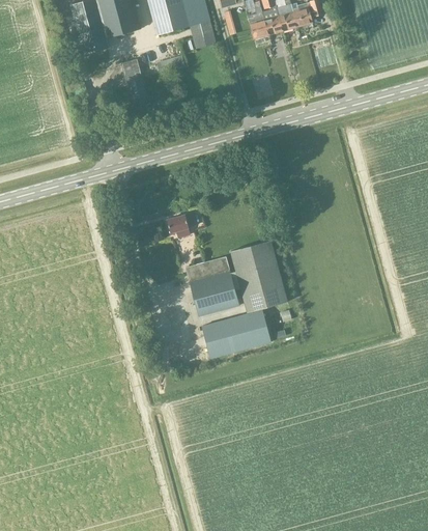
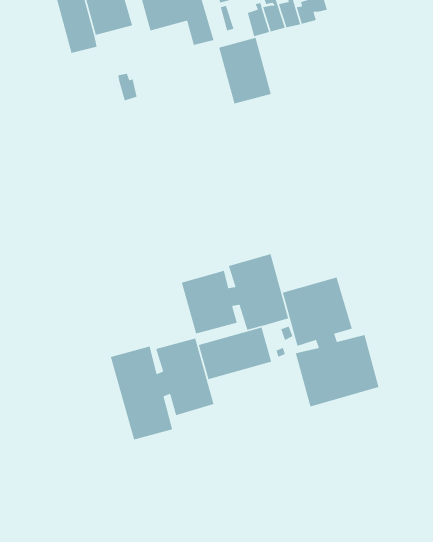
building: none -> [218,37,272,105]
building: [166,213,195,236] -> none
building: none -> [282,276,379,408]
building: none -> [110,337,214,440]

